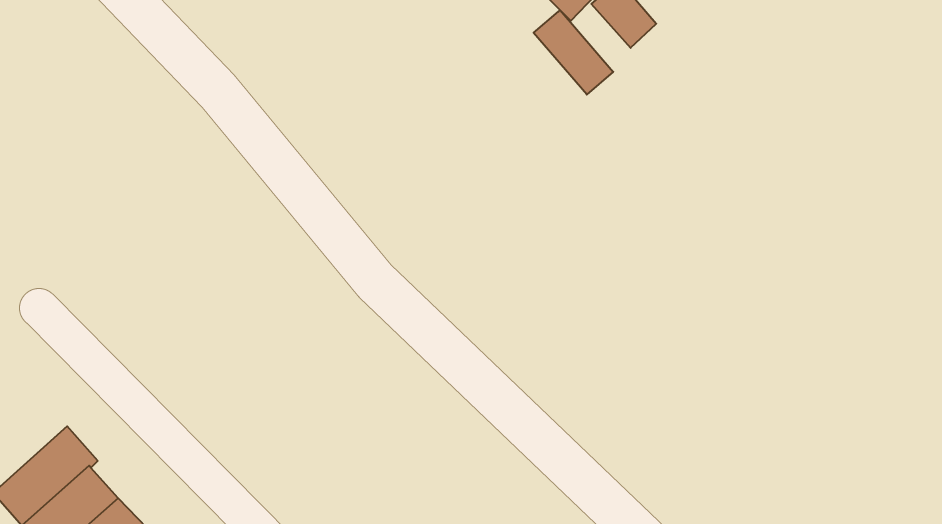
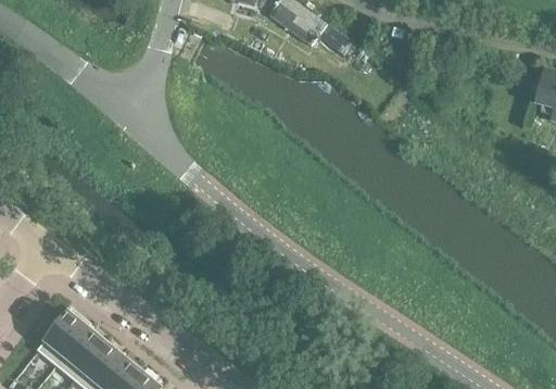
building: [534,10,613,95] -> none

